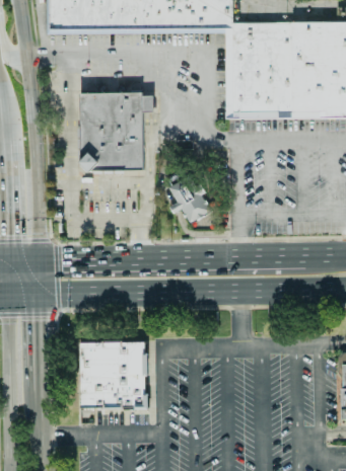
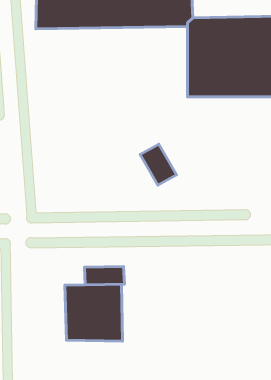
building: [77,90,153,170] -> none
building: none -> [84,266,124,285]

